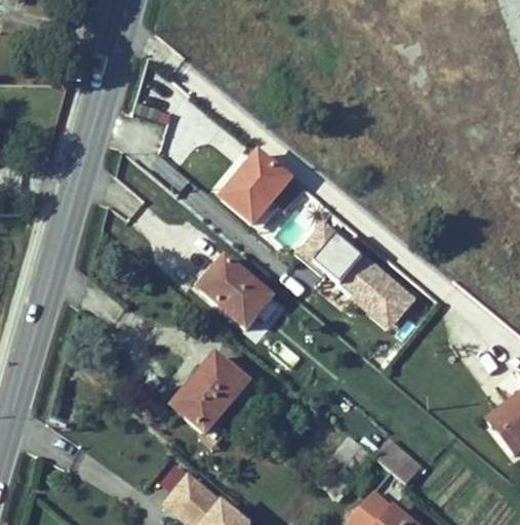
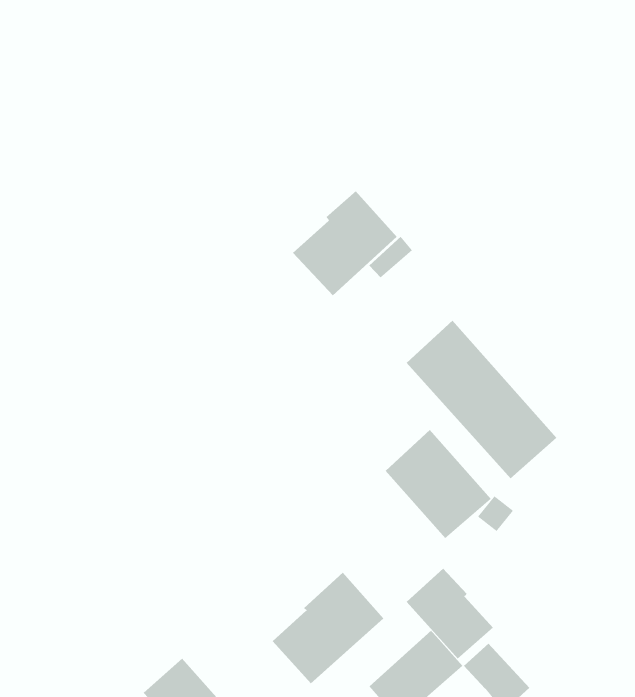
building: [199,255,272,326] -> [385,429,492,539]
building: [175,354,247,431] -> [272,572,384,684]
building: none -> [406,568,494,660]

